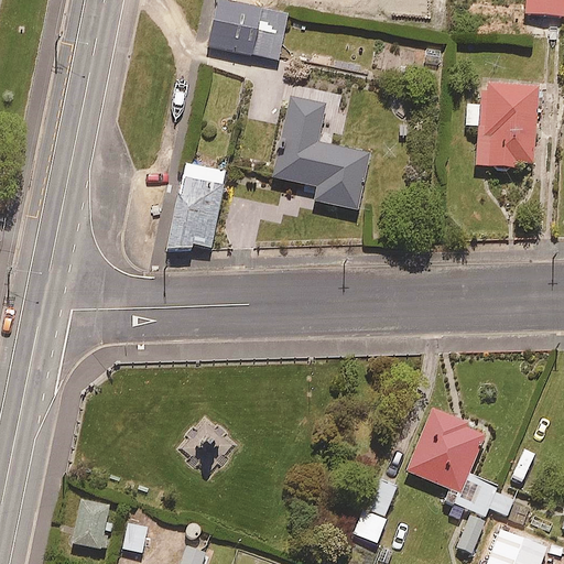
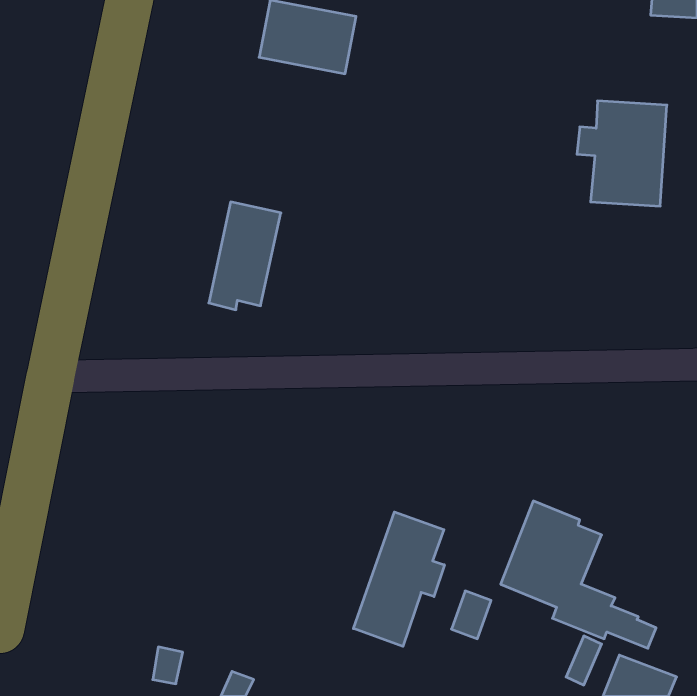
building: [273,97,370,209] -> none
building: none -> [353,512,444,646]
building: [74,498,110,547] -> none

